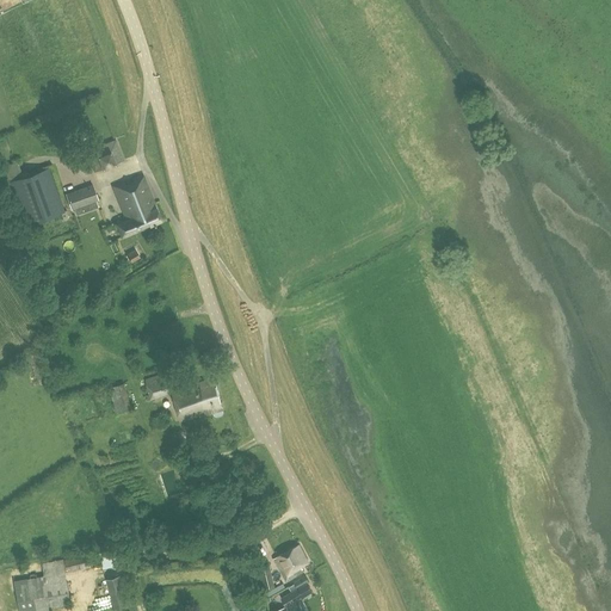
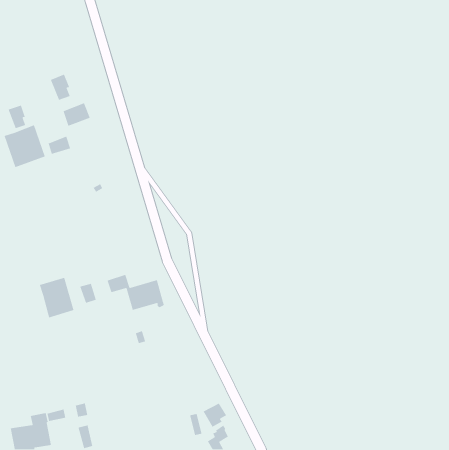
building: none -> [50,74,71,101]
building: none -> [8,104,26,129]
building: [112,175,160,237] -> none
building: none -> [39,277,75,318]

